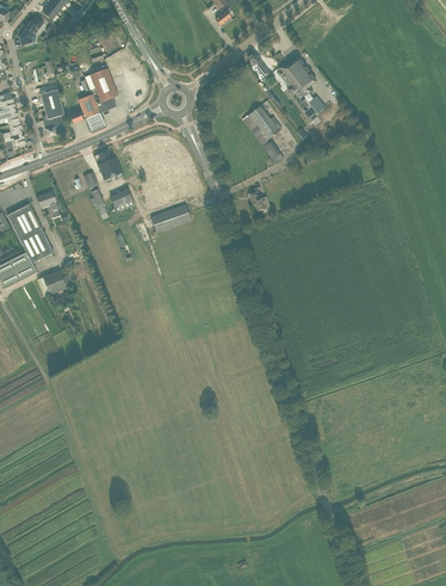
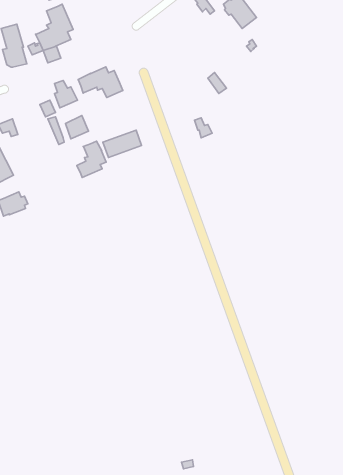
building: [241,105,278,144] -> none
building: none -> [78,67,123,98]
building: none -> [77,141,106,177]

